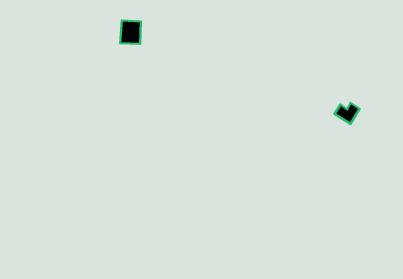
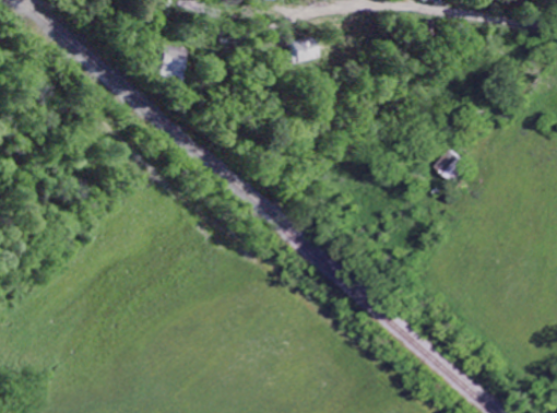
building: none -> [287,36,319,63]

